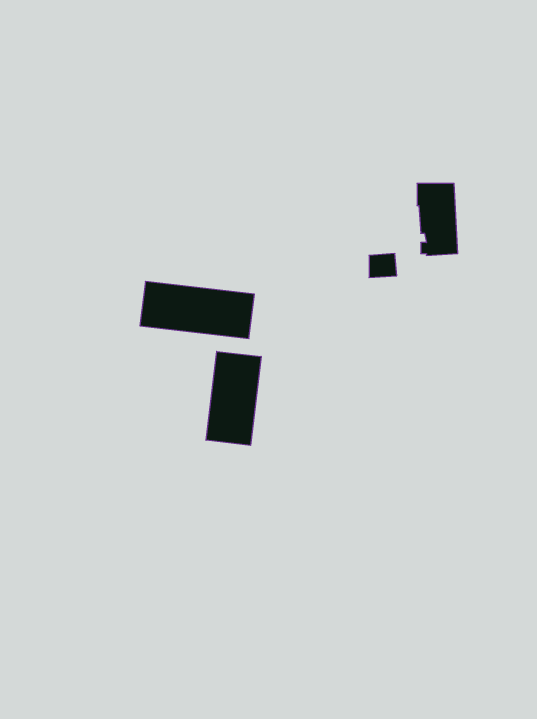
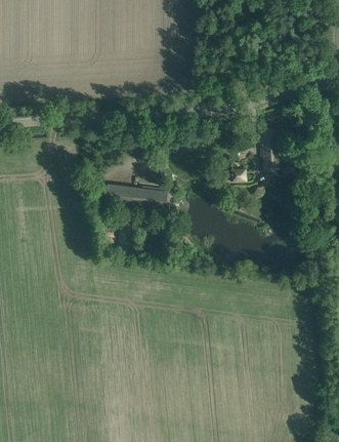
building: [206,351,261,445] -> none

